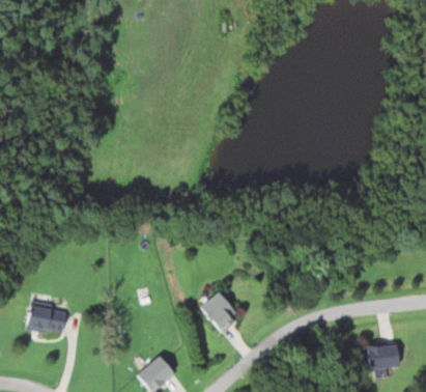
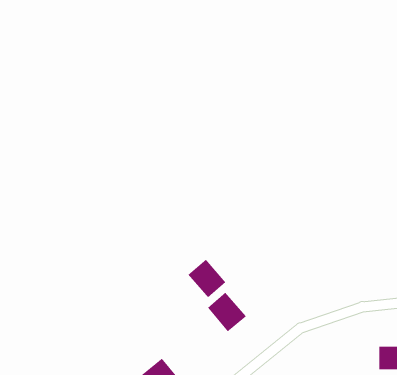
building: none -> [188,259,226,298]
building: [26,305,66,334] -> none

